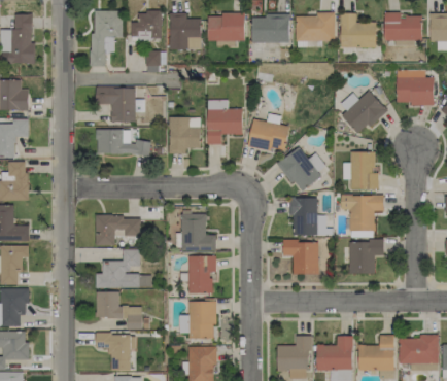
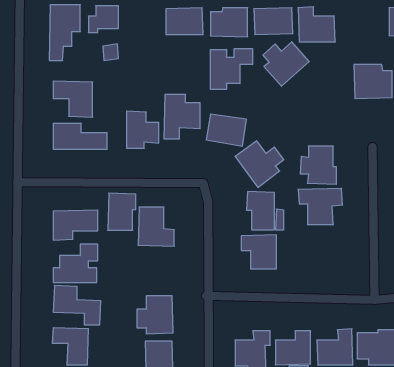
building: [170,13,202,50] -> none
building: [384,13,422,41] -> none
building: none -> [211,49,252,89]
building: [340,91,386,135] -> [263,42,309,86]
building: [349,241,384,274] -> none
building: [187,256,215,293] -> [108,193,136,230]

